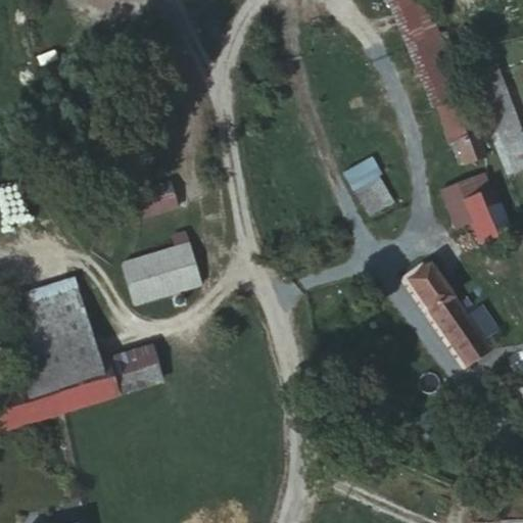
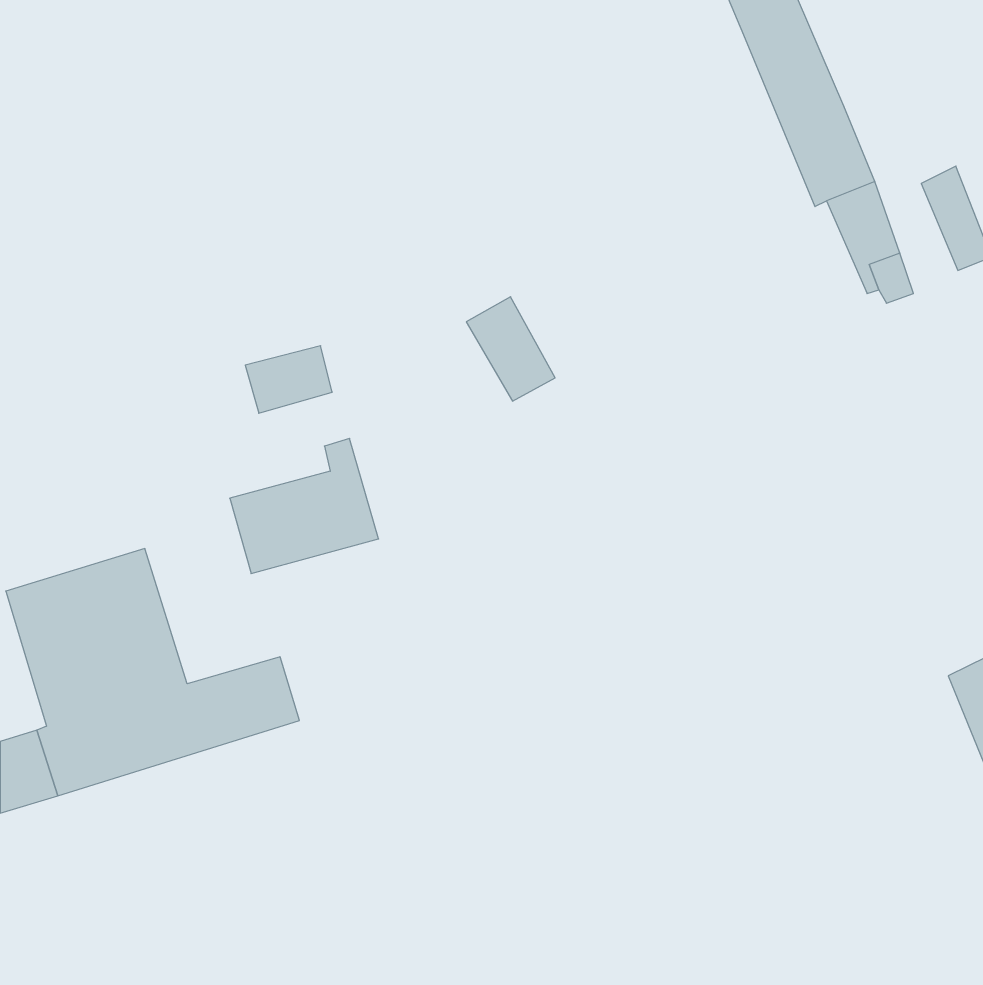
building: [346,160,393,216] -> [466,297,555,401]
building: [442,173,511,238] -> none
building: [411,266,497,362] -> none

